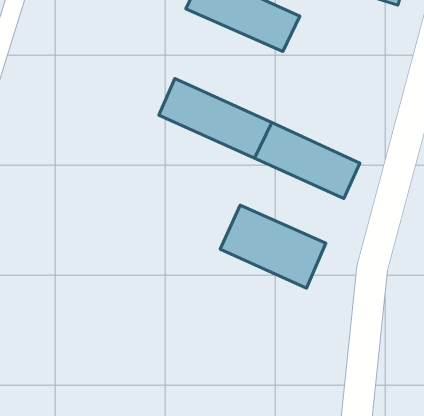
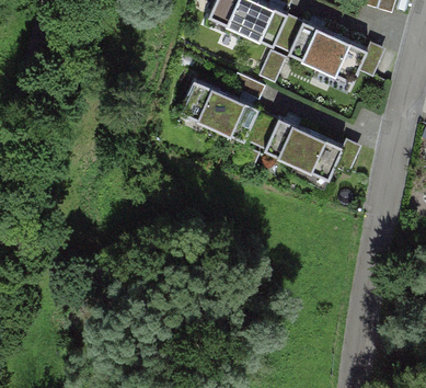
building: none -> [288,23,369,84]
building: [220,205,326,288] -> none

